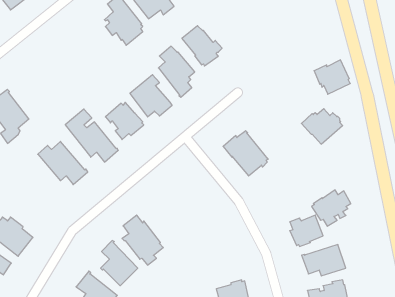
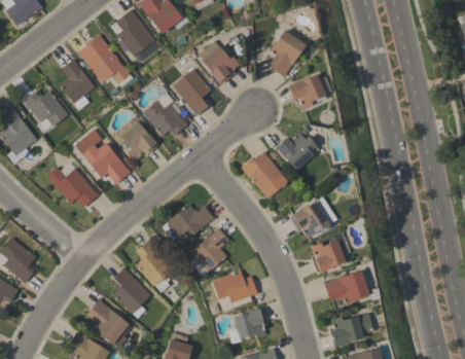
building: none -> [269,30,306,77]
building: none -> [78,34,129,83]
building: none -> [60,59,96,110]
building: [314,60,350,94] -> [288,74,326,110]
building: none -> [23,89,69,125]
building: [301,109,343,144] -> [276,132,319,169]
building: none -> [162,204,215,243]
building: [312,190,351,226] -> [290,201,331,239]
building: none -> [191,227,229,276]
building: none -> [212,270,258,312]

